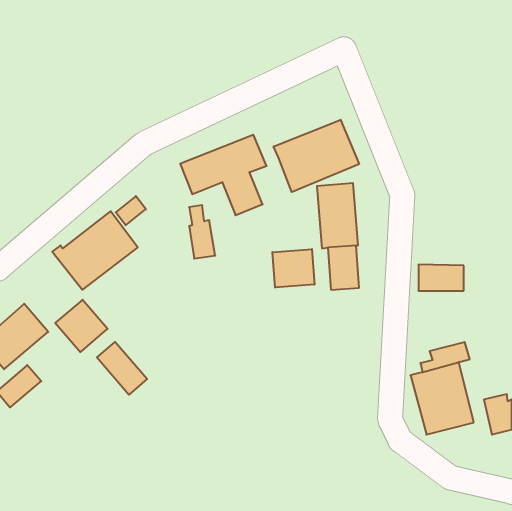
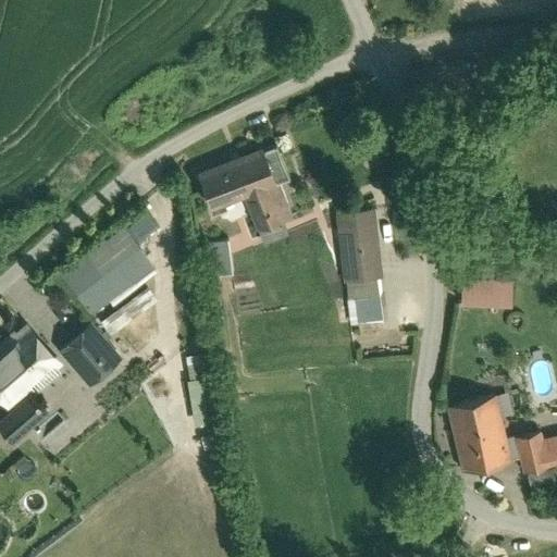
building: [274,120,359,192] -> none
building: [272,249,314,288] -> none
building: [97,342,147,395] -> none

